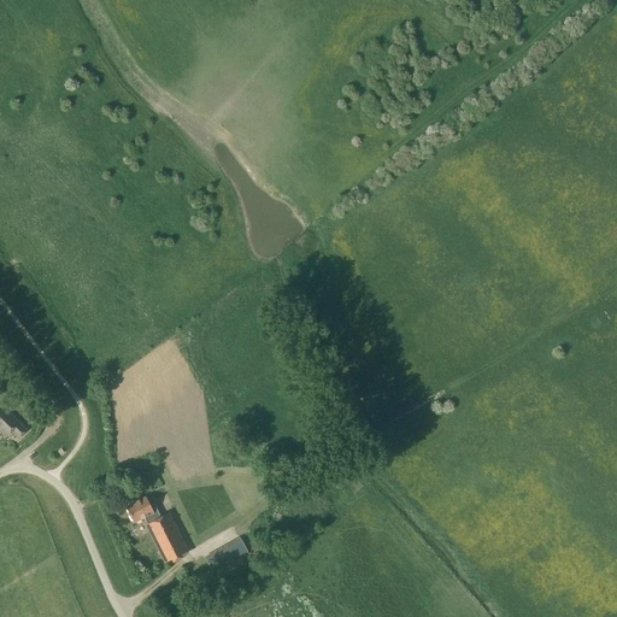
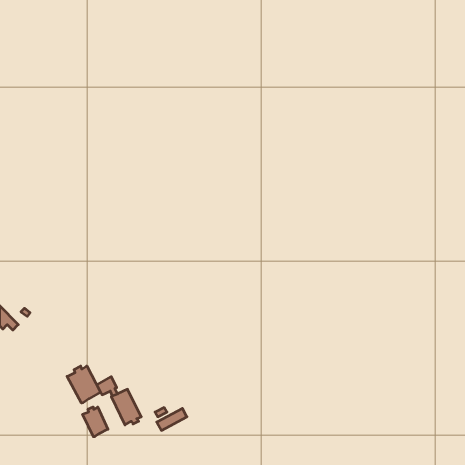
building: none -> [67,366,101,403]
building: none -> [83,407,108,437]

